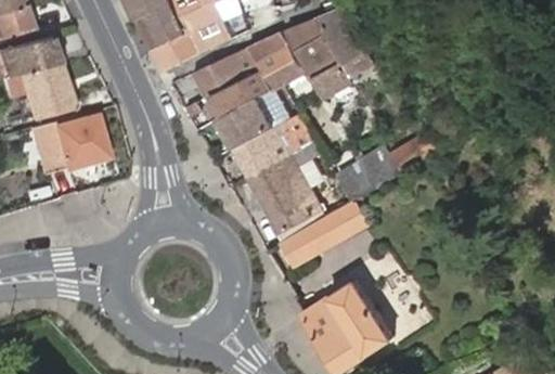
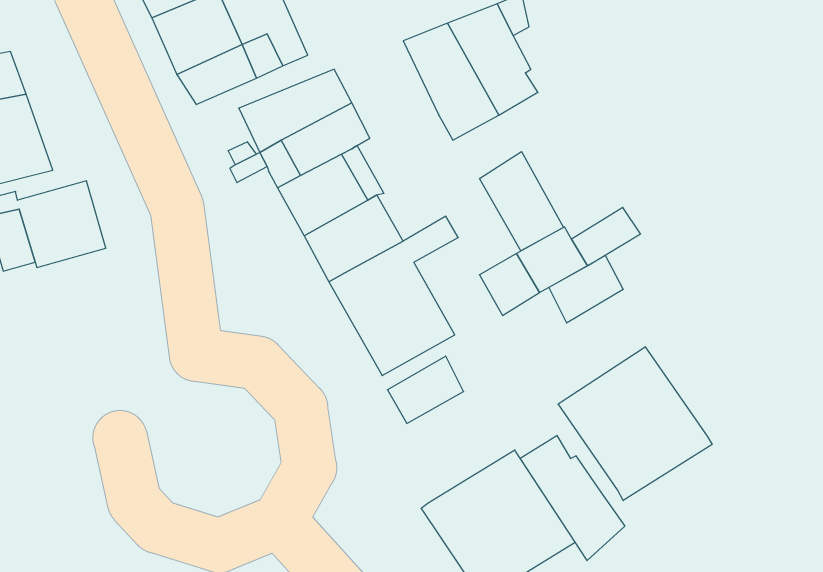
building: [250,33,305,89] -> none
building: none -> [480,152,564,251]
building: [319,203,364,244] -> [549,256,623,323]
building: none -> [558,347,712,501]
building: none -> [520,435,625,561]

